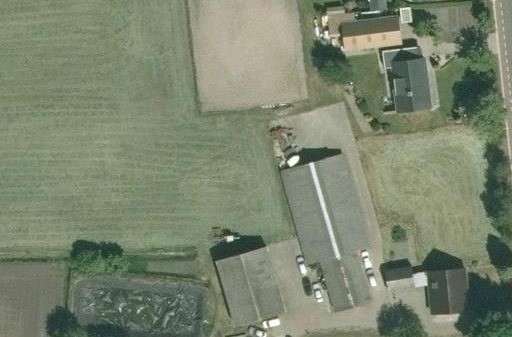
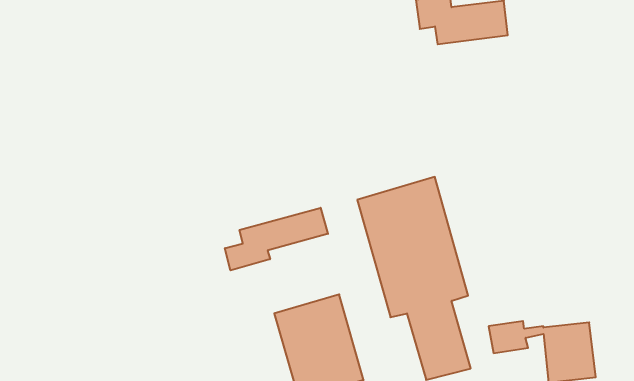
building: [391,57,428,109] -> none
building: none -> [225,208,328,270]

